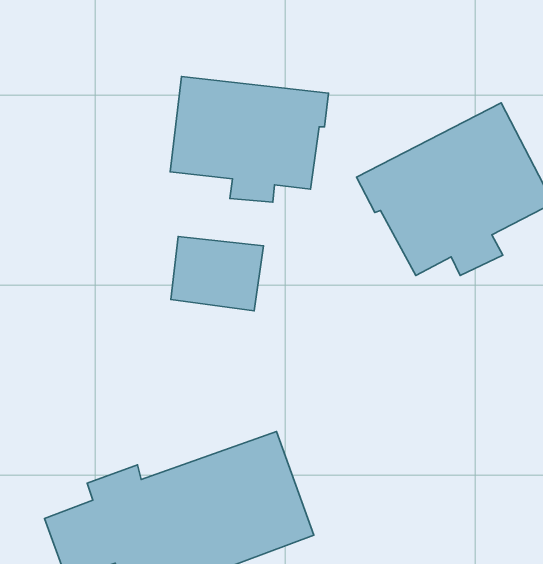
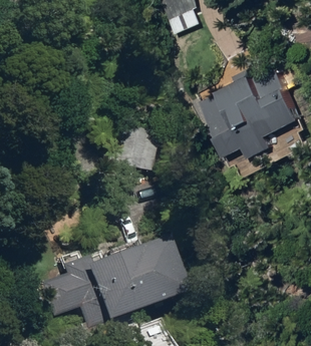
building: [170,77,329,202] -> none

